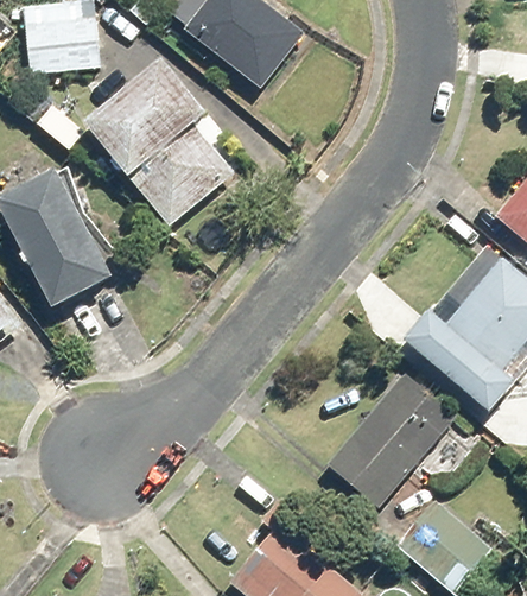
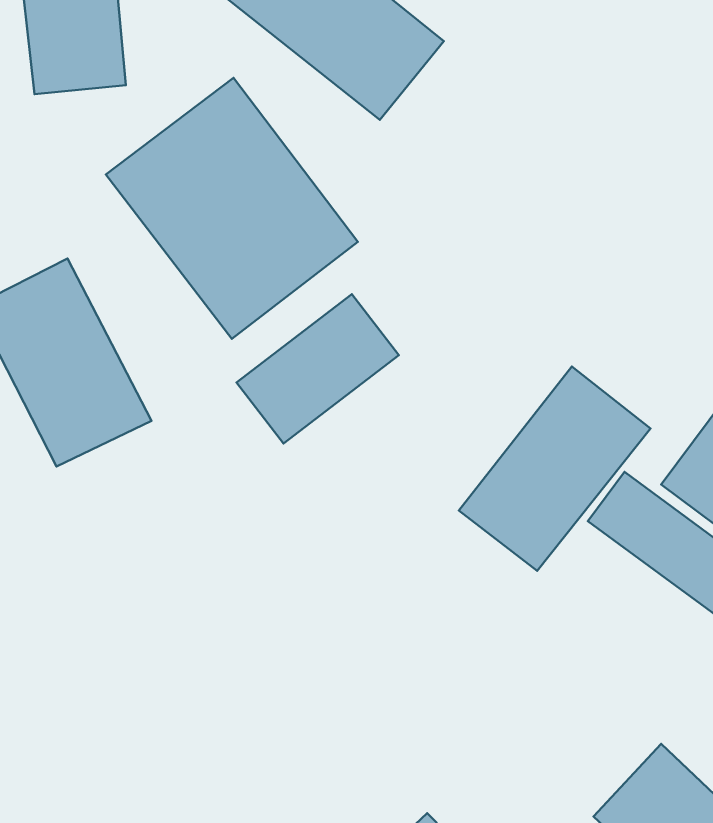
building: none -> [236,294,399,444]
building: [330,373,455,506] -> [459,366,651,571]

